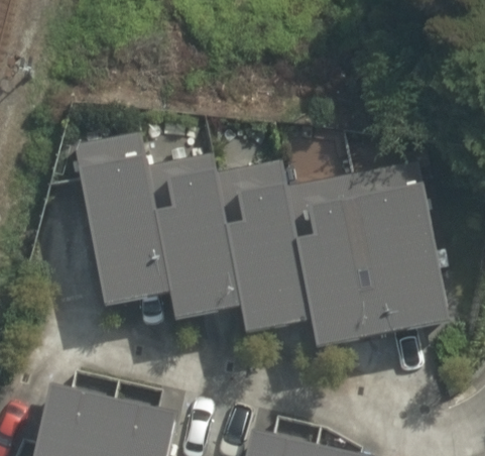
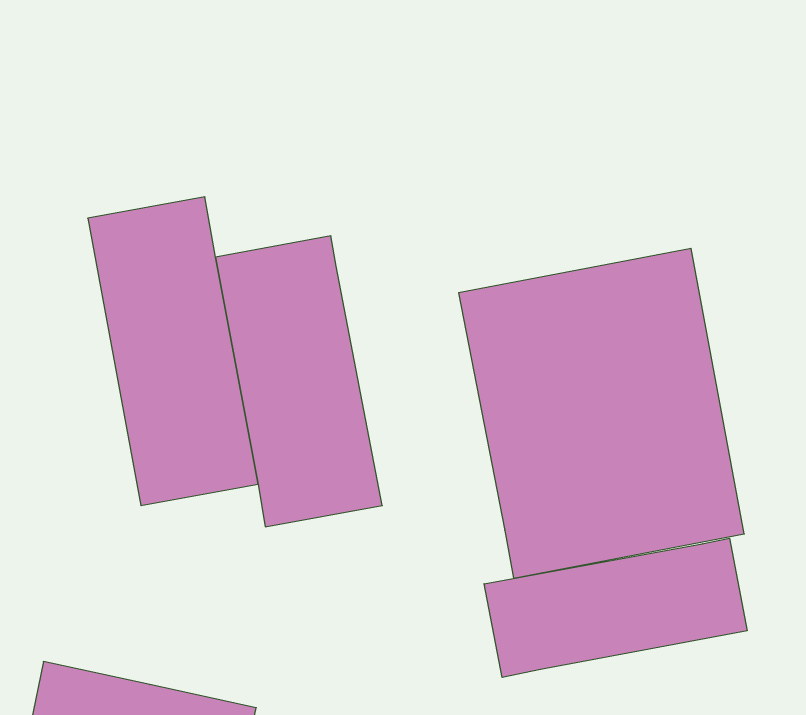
building: [216,157,312,332] -> none
building: none -> [484,538,747,677]

